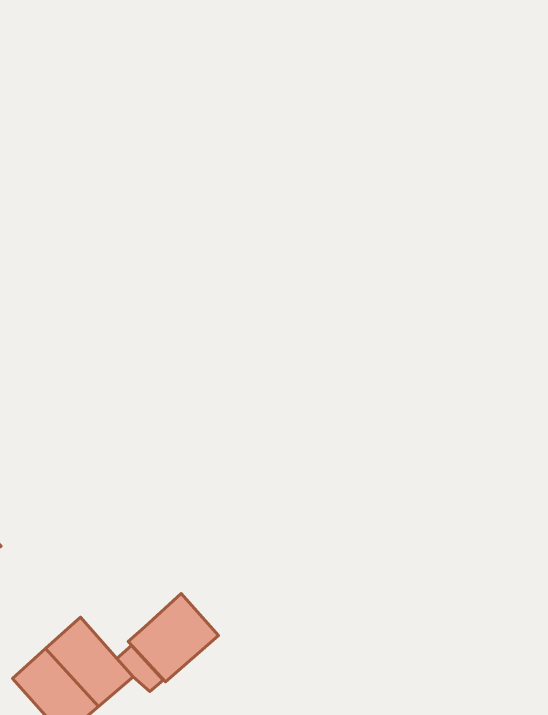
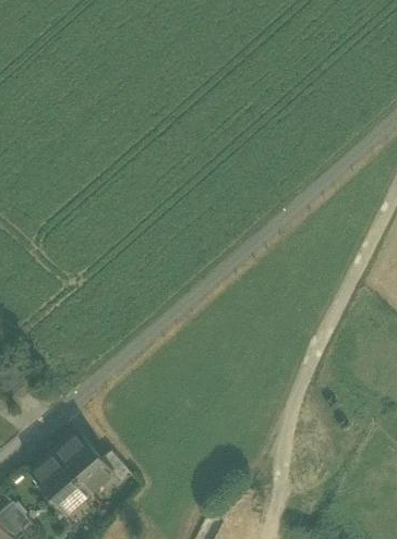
building: [128,594,218,682] -> none

